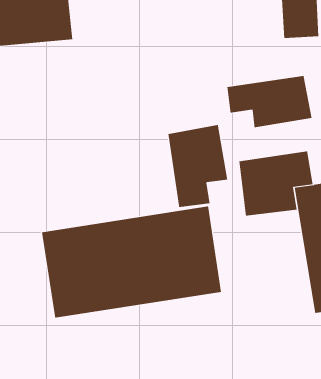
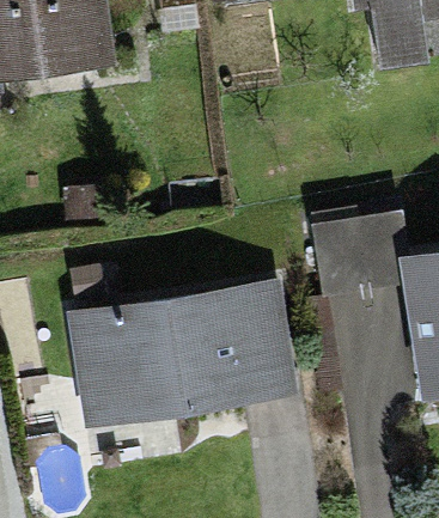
building: [227,75,312,128] -> none
building: [168,124,228,208] -> none

